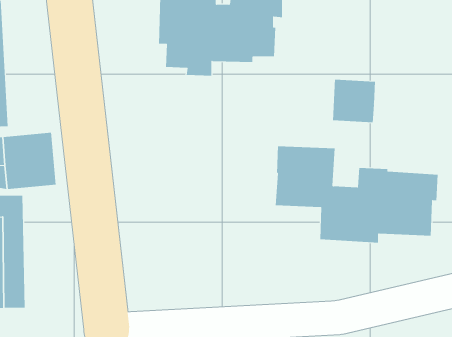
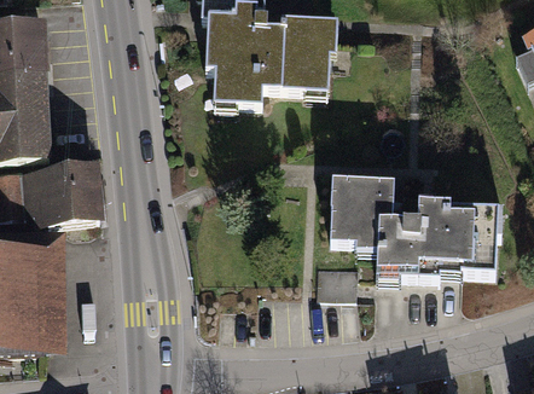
building: [332,79,375,123] -> none
building: none -> [315,267,358,301]

